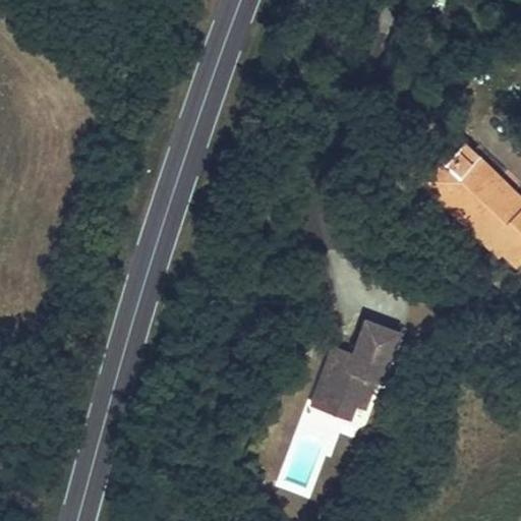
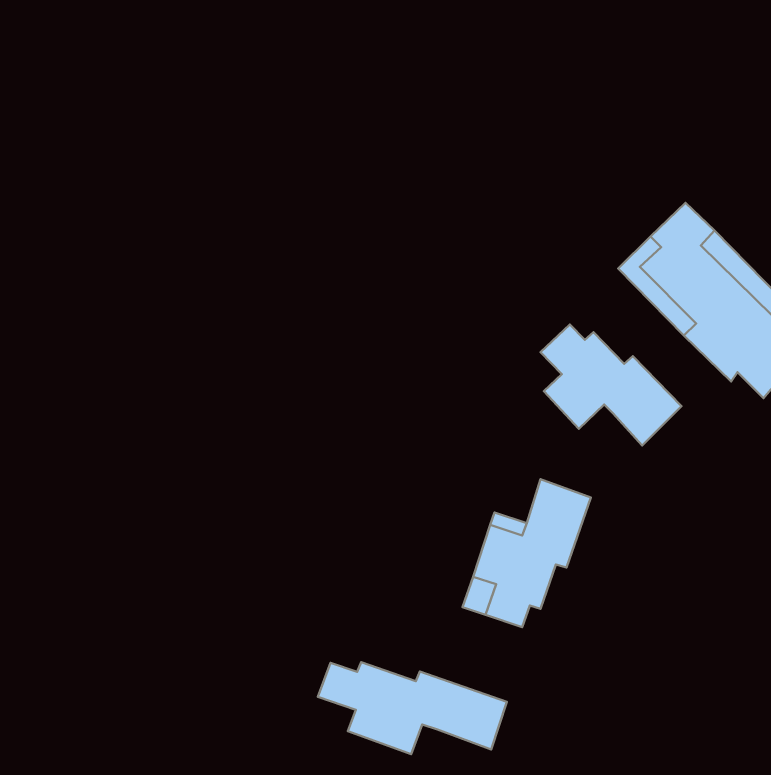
building: none -> [541,325,682,445]
building: none -> [318,662,507,754]

